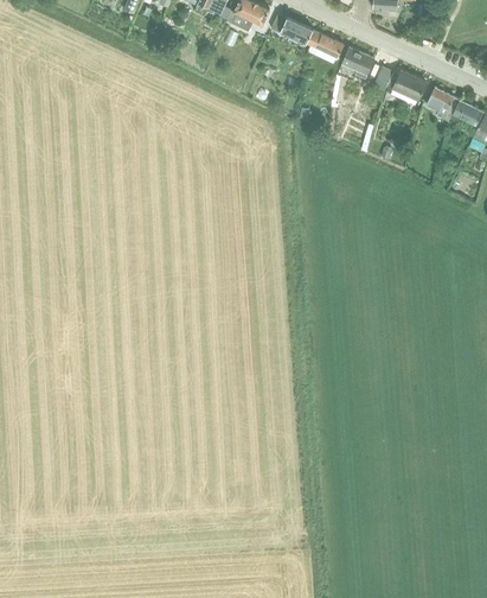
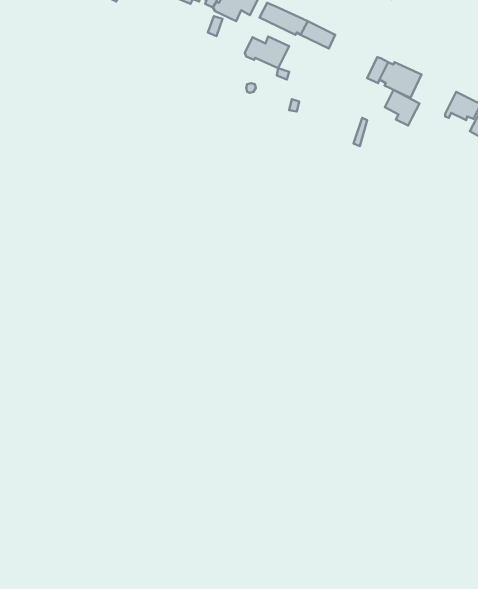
building: none -> [245,36,289,68]
building: [341,46,374,78] -> none
building: [427,85,460,120] -> [385,90,419,126]

